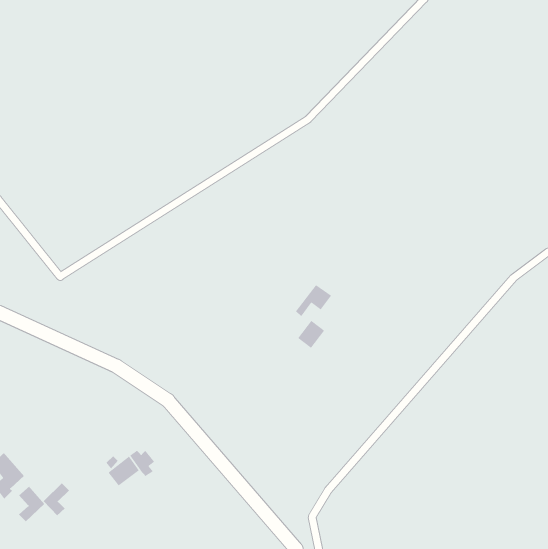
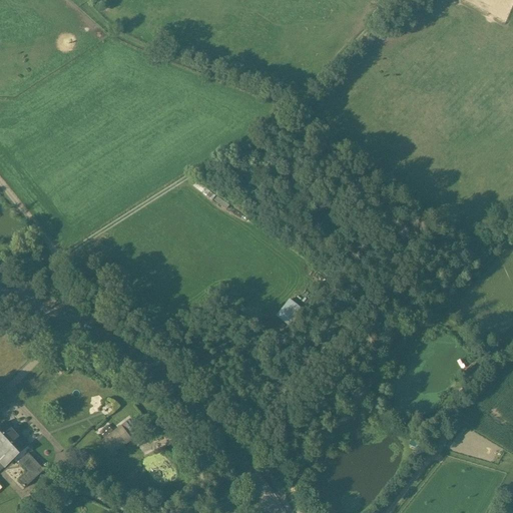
building: [295,284,332,317] -> none
building: [43,483,70,516] -> none

